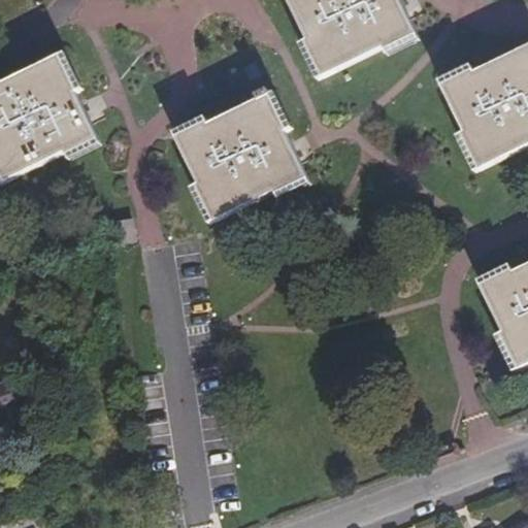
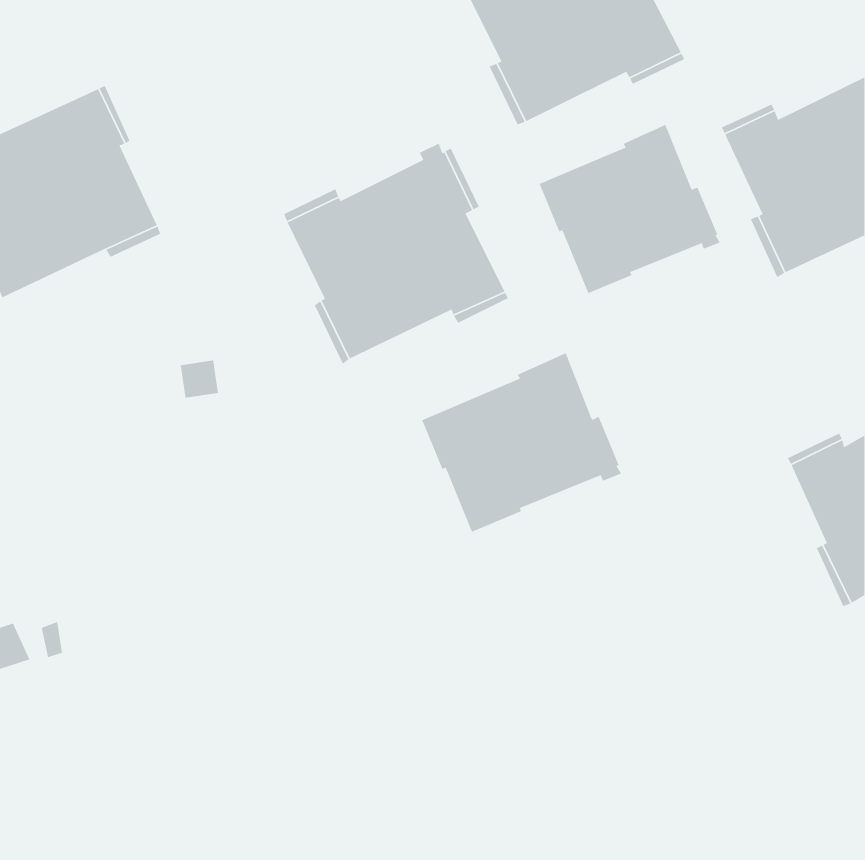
building: none -> [538,124,721,294]
building: none -> [421,352,622,533]

